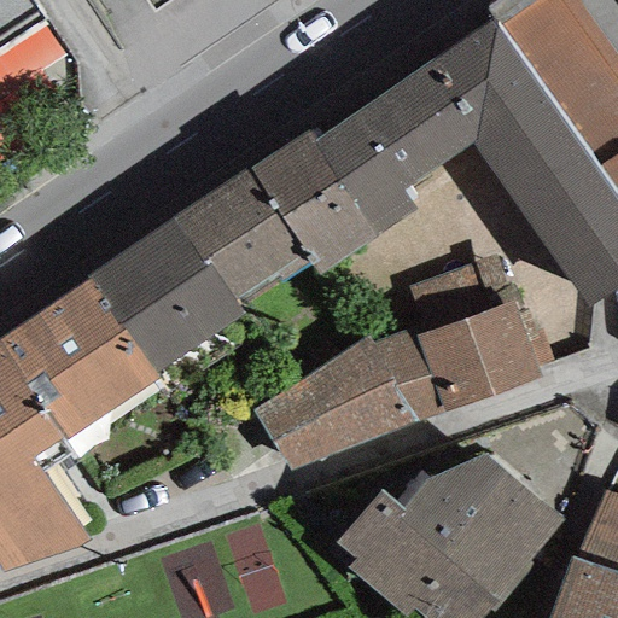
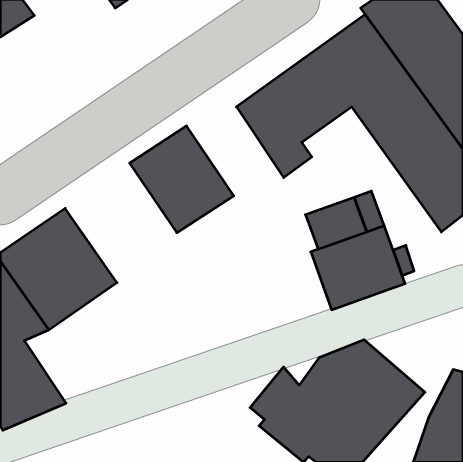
building: [249,130,378,274] -> none
building: [87,217,241,377] -> none
building: [251,325,442,474] -> none

